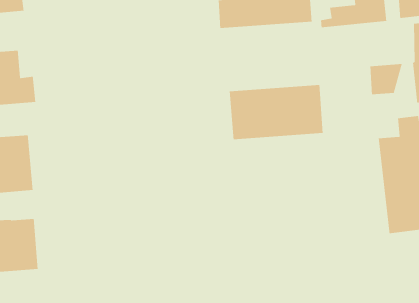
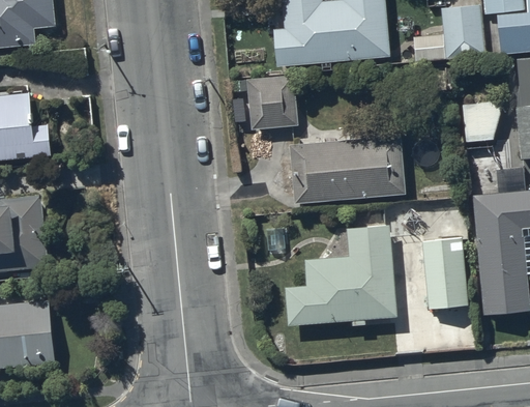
building: none -> [245,74,297,128]
building: none -> [285,231,395,331]
building: none -> [420,241,468,311]

